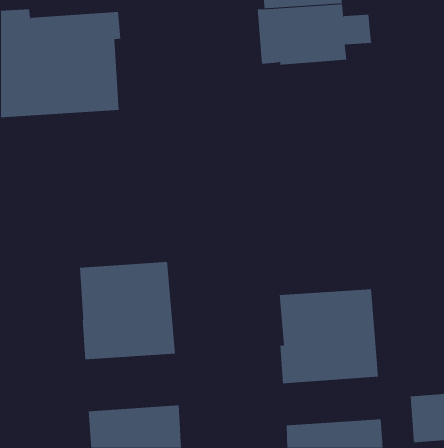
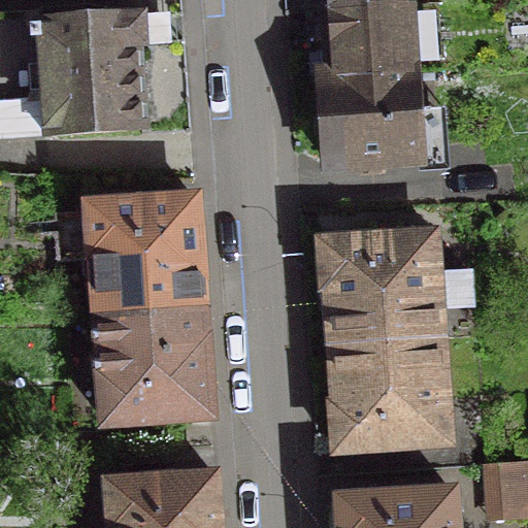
building: none -> [324,70,420,166]
building: none -> [90,198,203,314]
building: none -> [323,222,472,345]

